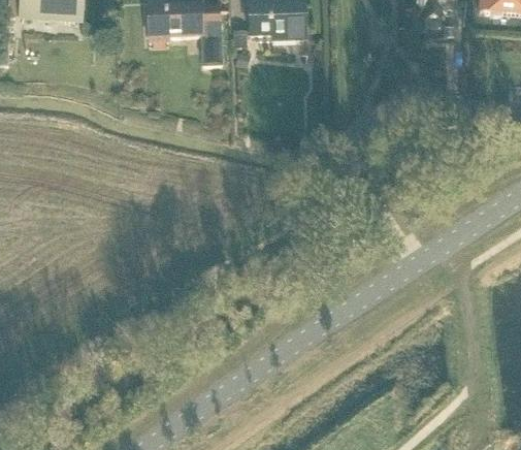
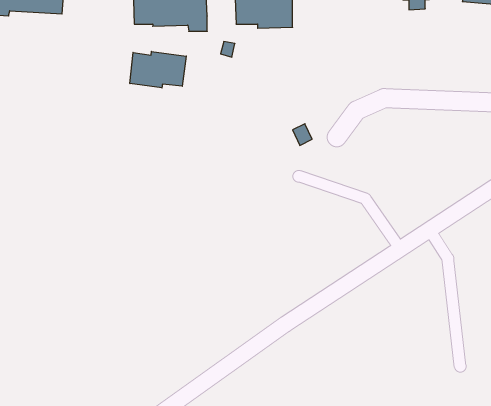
building: none -> [130,51,186,88]

